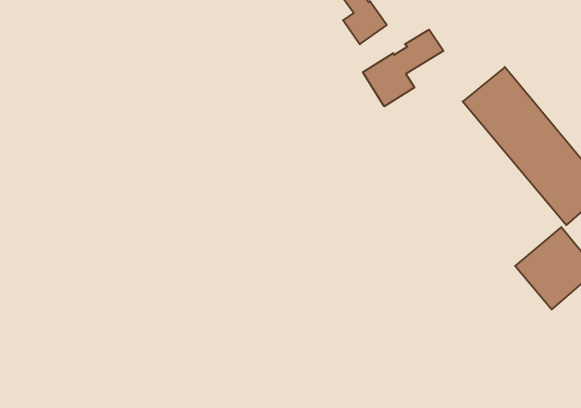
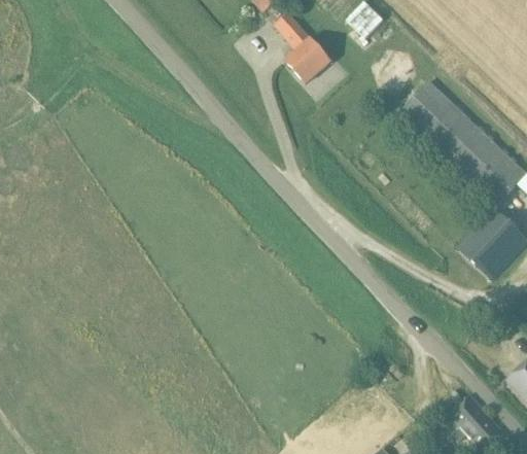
building: [363,30,443,106] -> none

